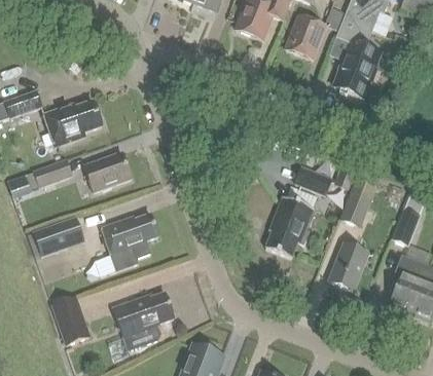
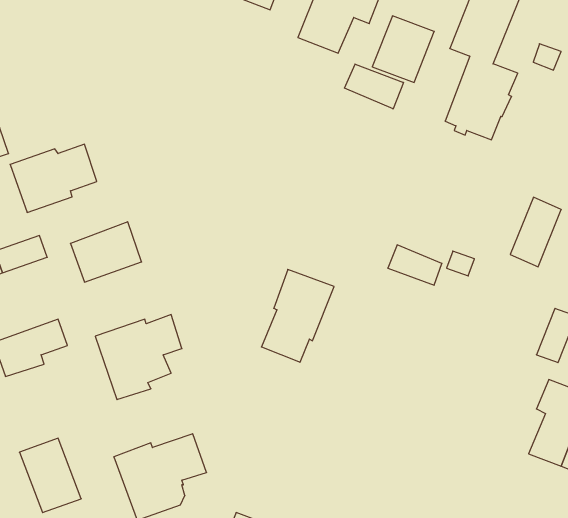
building: none -> [345,64,403,109]
building: [340,180,374,226] -> [510,197,561,267]
building: [264,195,313,257] -> [261,269,334,362]
building: [327,242,368,291] -> none

